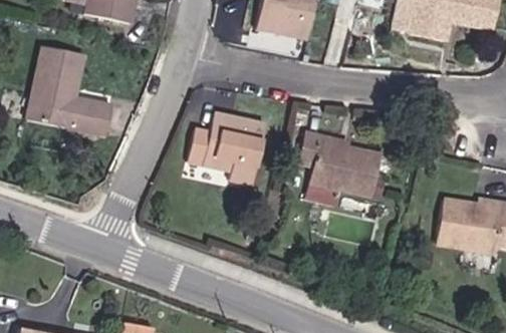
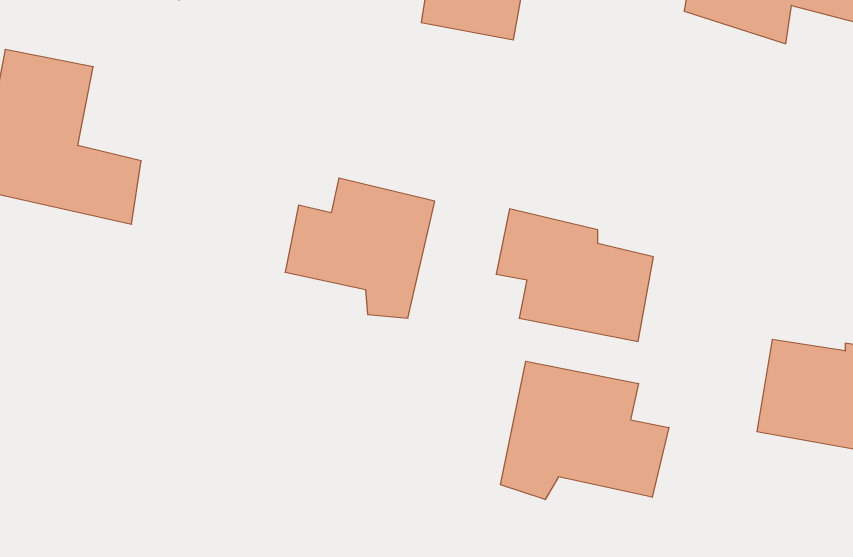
building: none -> [501,361,669,500]

